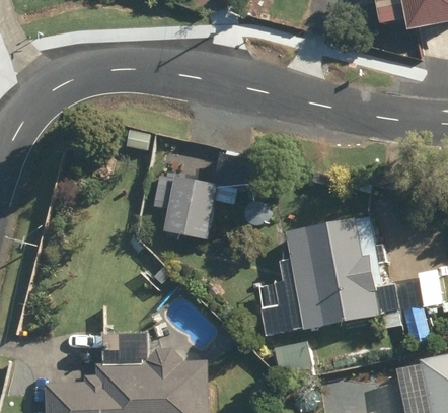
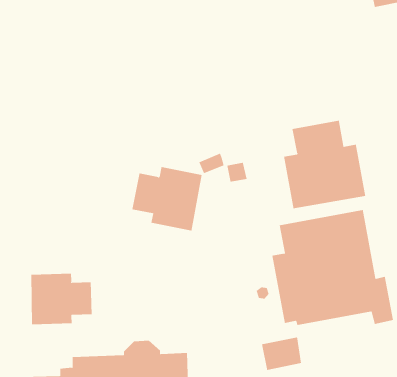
building: none -> [283,120,366,209]
building: none -> [31,273,92,325]

